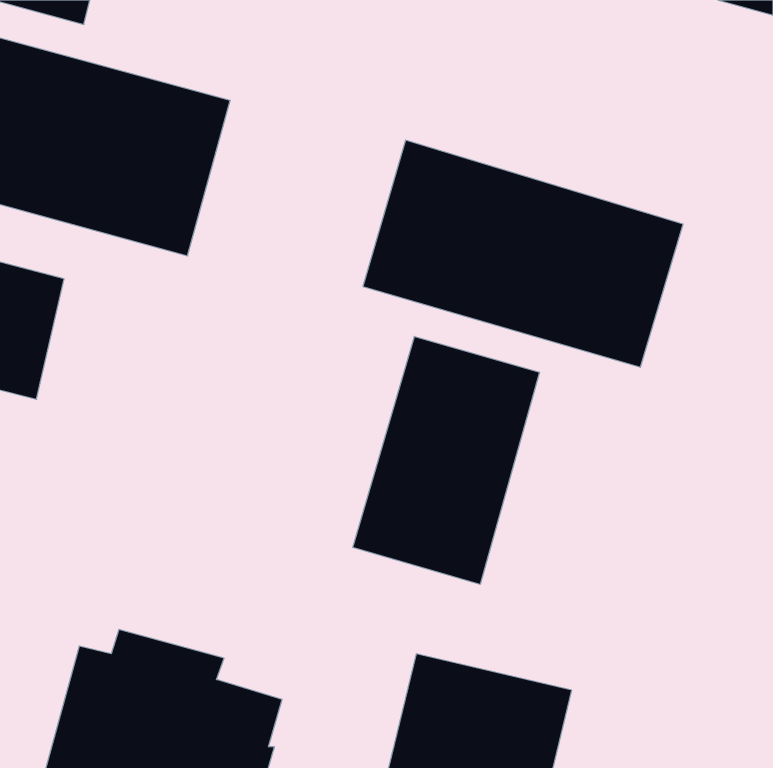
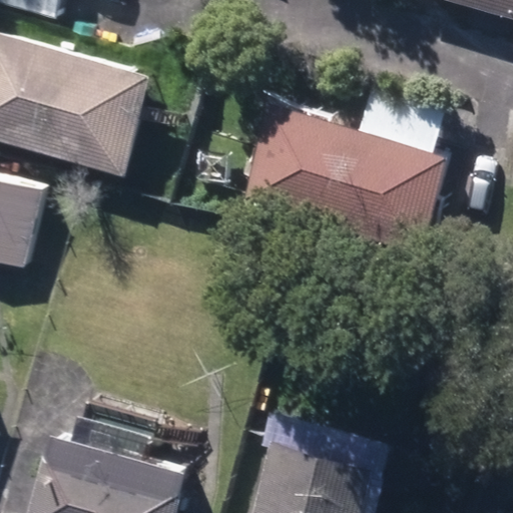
building: [353,336,540,584] -> none

